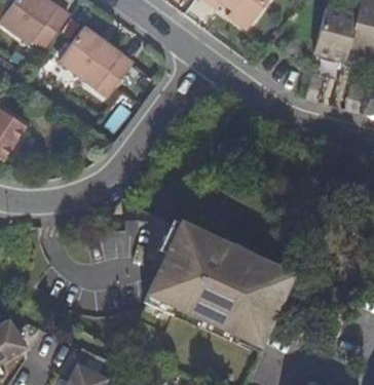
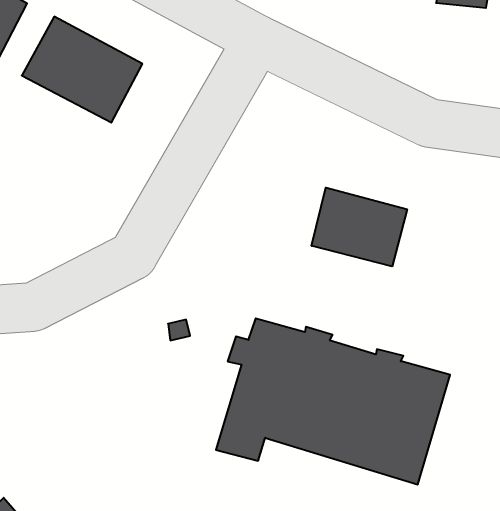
building: none -> [312,188,407,266]

